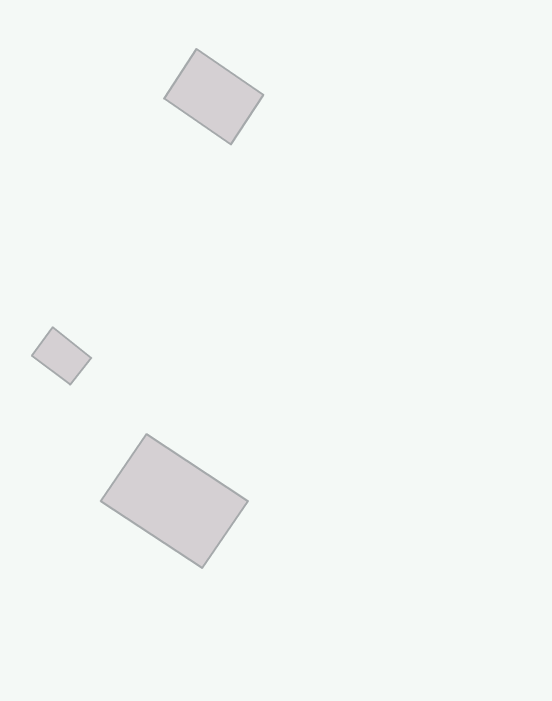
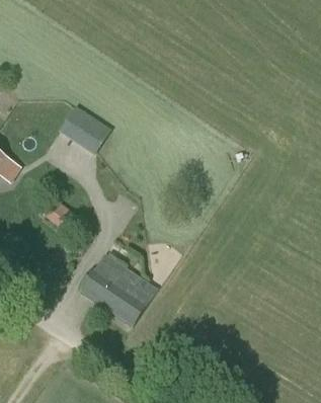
building: [164,49,263,144] -> [60,104,112,155]

